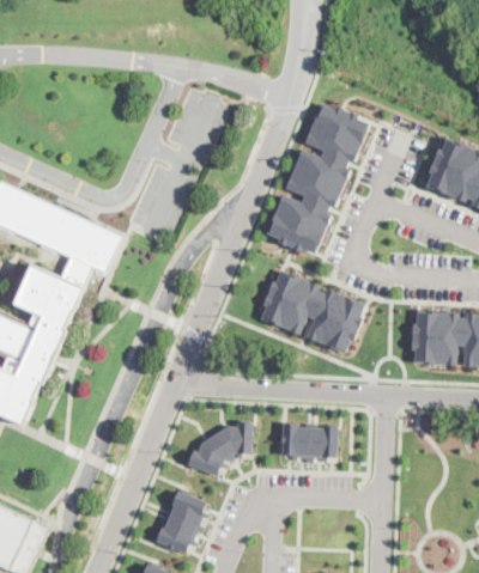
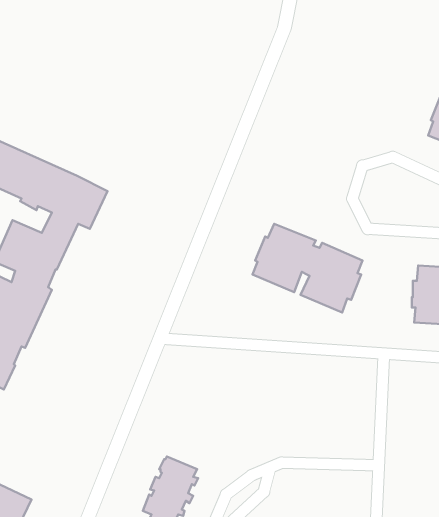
building: [265,102,368,252] -> none
building: [187,421,251,475] -> none
building: [278,422,336,462] -> none

